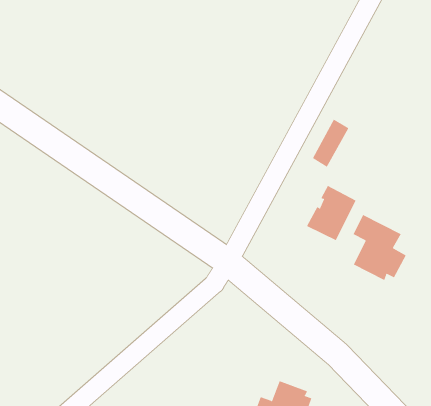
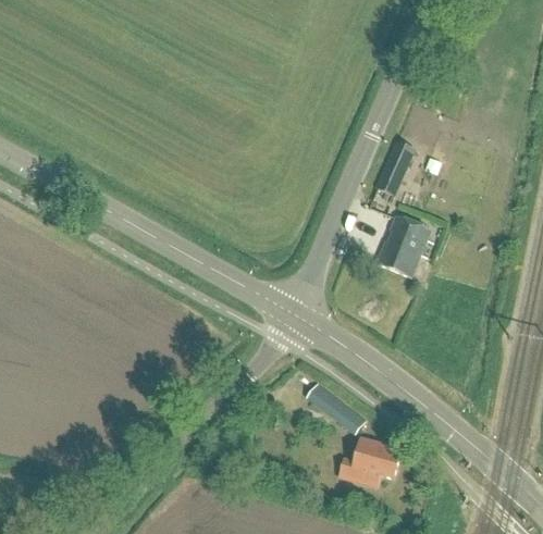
building: [353,214,407,281] -> none
building: none -> [307,383,366,434]

